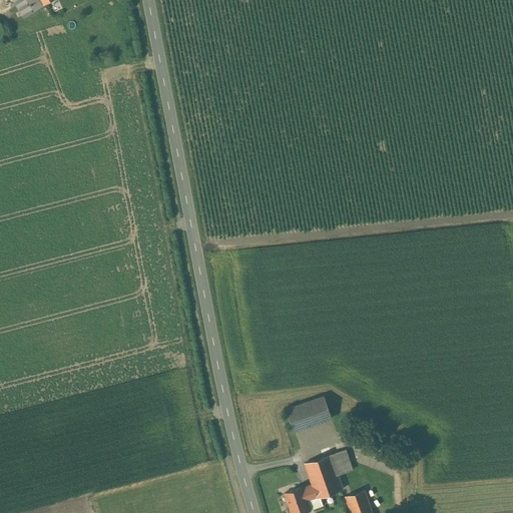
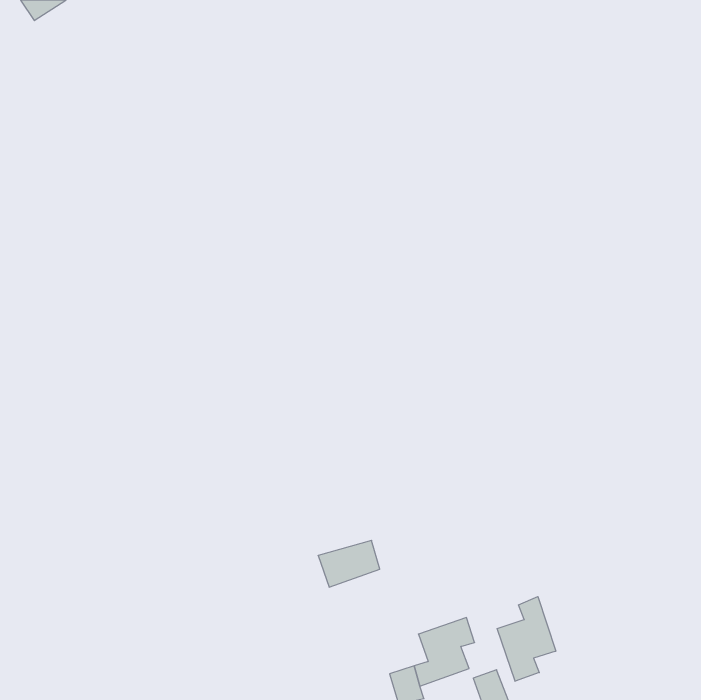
building: [286,397,331,431] -> [318,540,380,587]
building: none -> [497,597,556,681]

